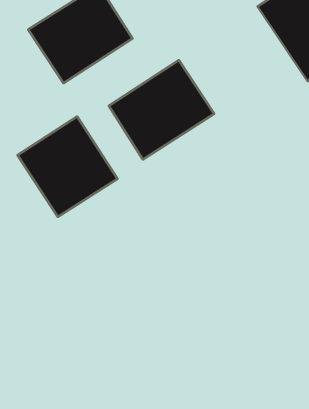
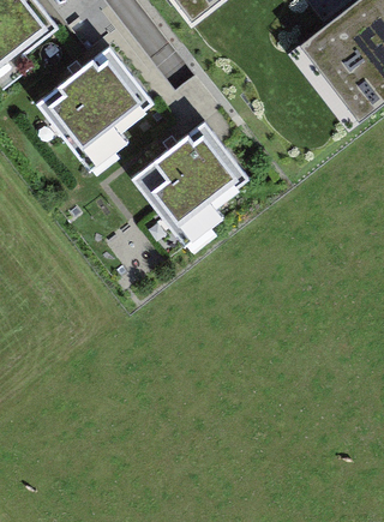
building: [18,116,117,217] -> none

